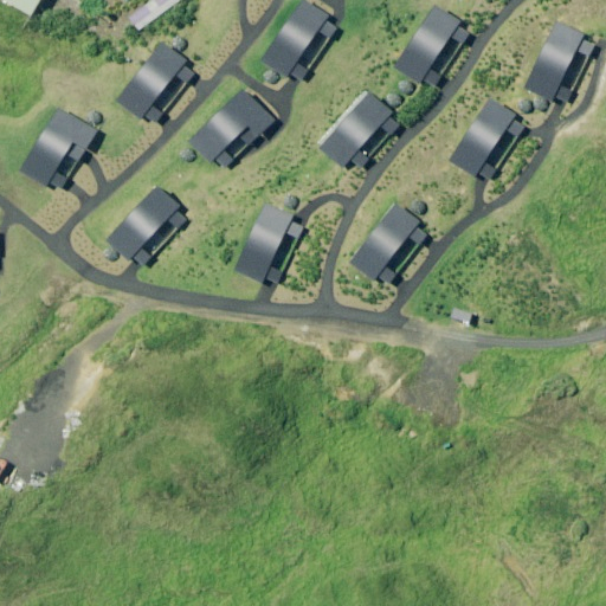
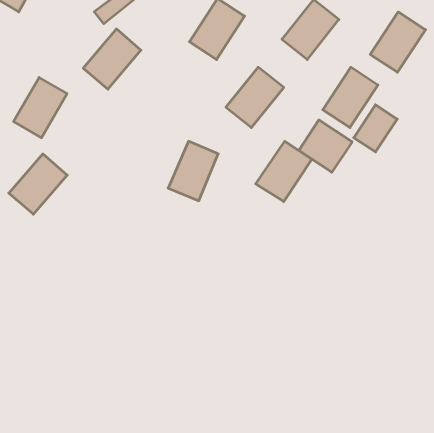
building: [191,90,273,172] -> none
building: none -> [354,105,397,152]
building: none -> [299,120,352,172]
building: [104,187,186,271] -> [9,154,67,214]

